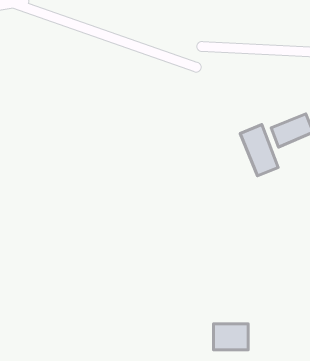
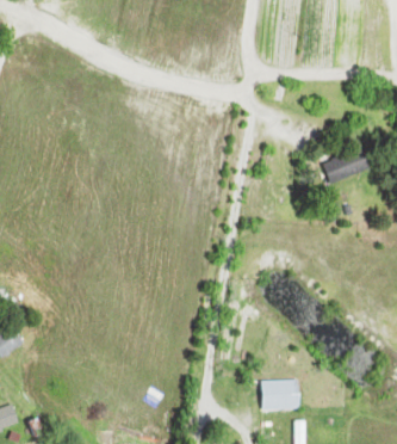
building: [240,124,278,176] -> none

